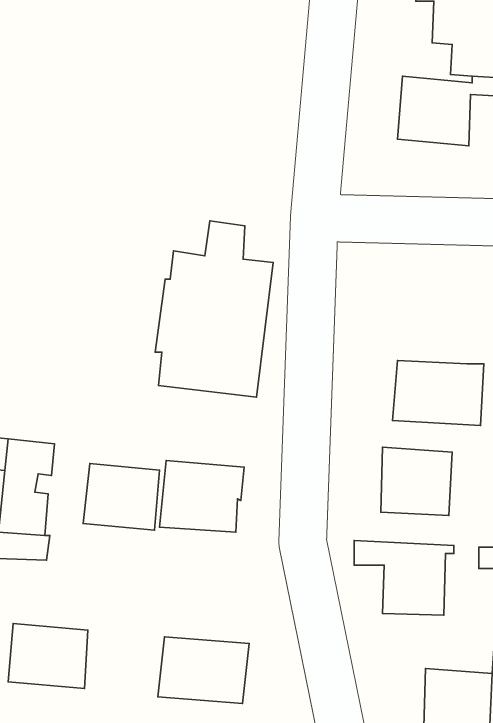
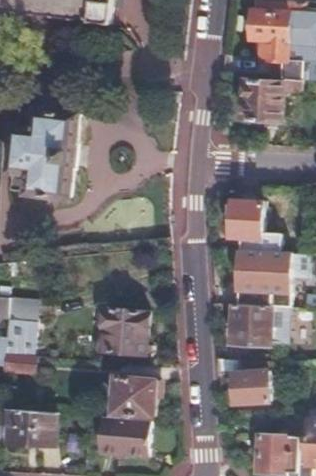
building: [155,221,273,397] -> [6,90,77,196]
building: none -> [224,202,282,253]
building: [83,464,160,530] -> [109,375,155,415]

